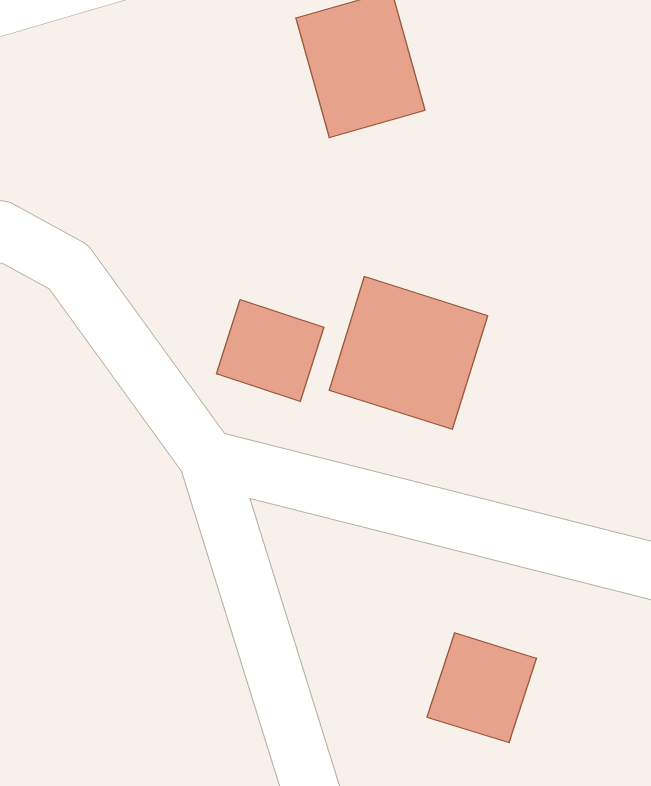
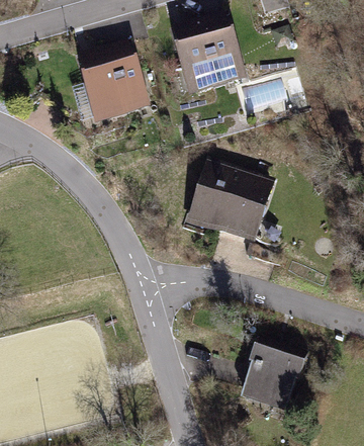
building: none -> [79,43,146,120]
building: [217,300,324,402] -> none

